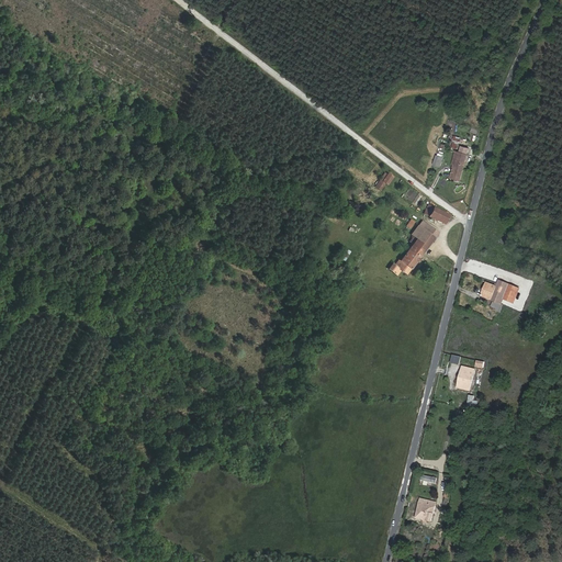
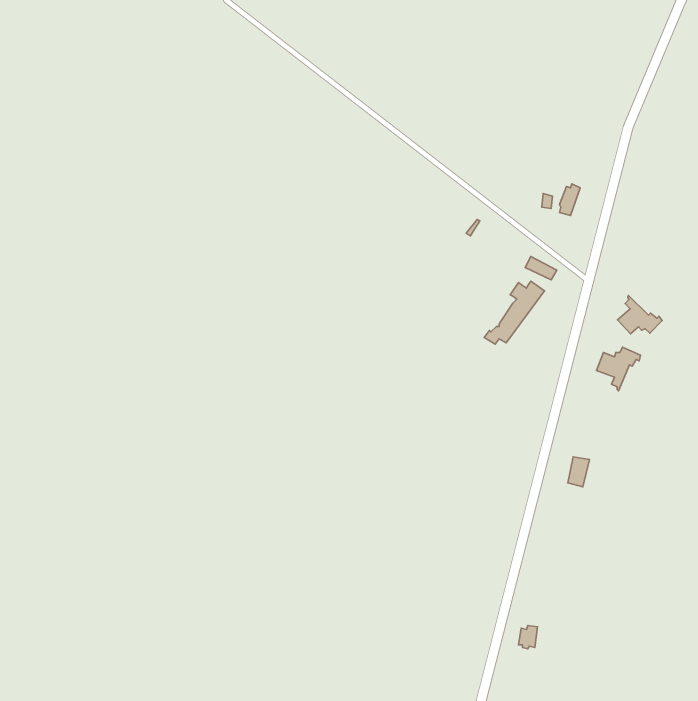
building: none -> [617,296,662,334]

